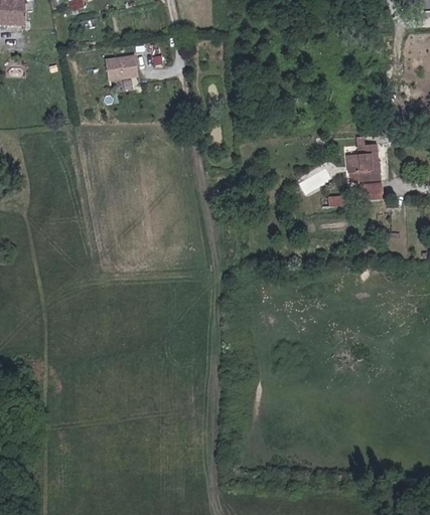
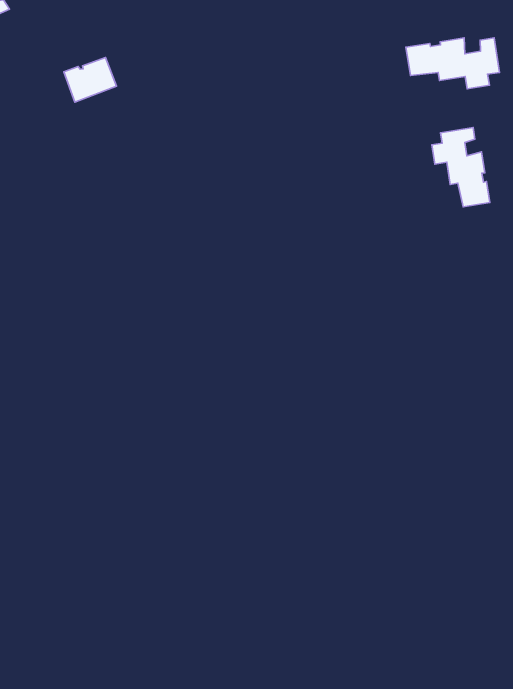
building: none -> [406,38,500,89]

